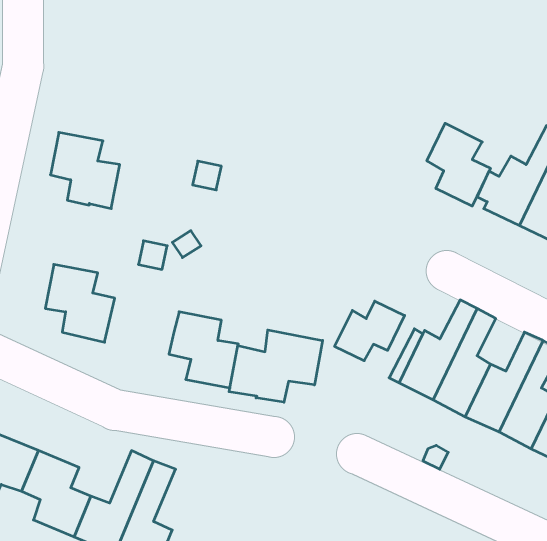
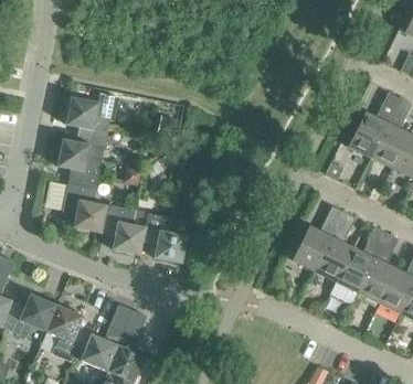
building: [427,123,490,206] -> none
building: none -> [56,139,102,189]
building: none -> [100,205,146,255]
building: [335,301,405,361] -> none
building: [229,330,323,402] -> none

